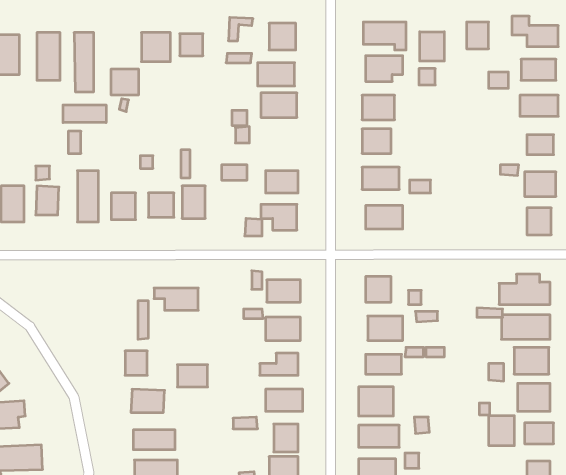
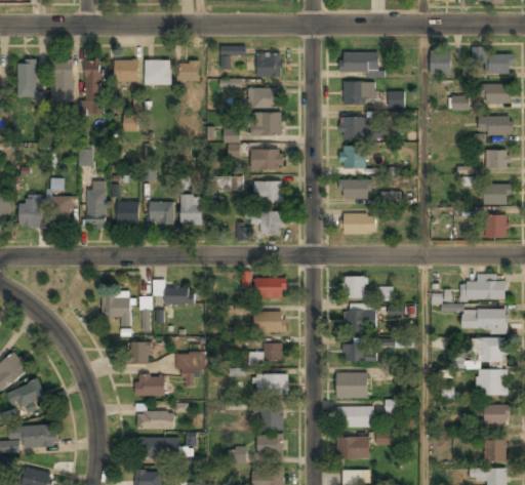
building: [420,32,444,61] -> none
building: [111,69,139,95] -> [115,59,139,82]
building: [63,105,106,123] -> none
building: none -> [250,150,282,170]
building: none -> [104,295,131,327]
building: [489,416,514,446] -> none

